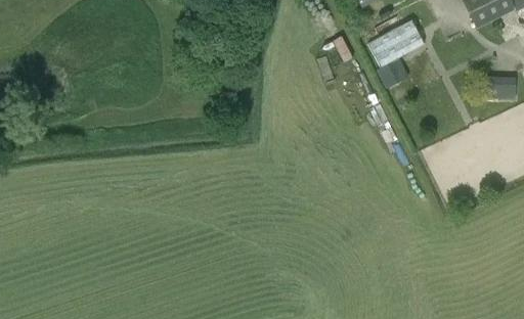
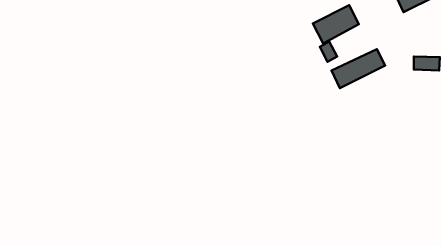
building: none -> [331,49,385,88]

